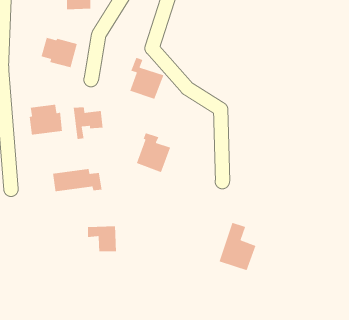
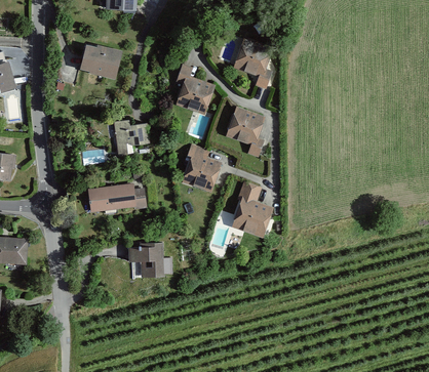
building: none -> [234,42,270,86]
building: none -> [227,106,264,154]
building: [29,104,63,135] -> none
building: [219,222,257,271] -> [231,180,272,234]

